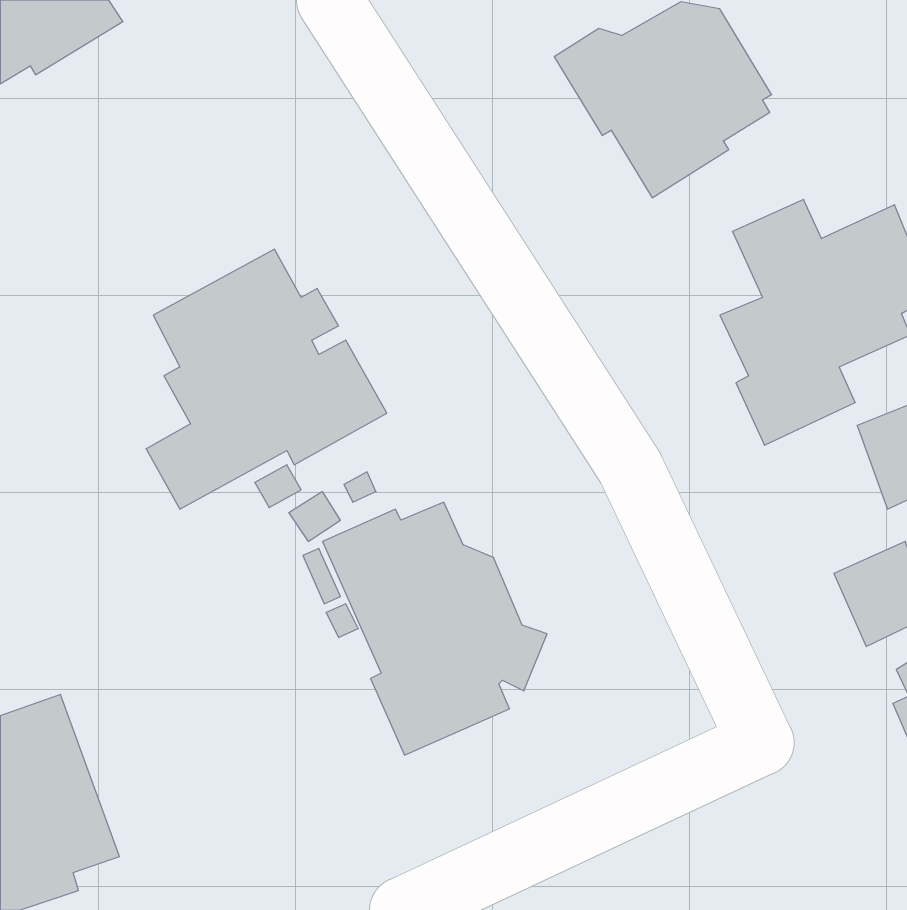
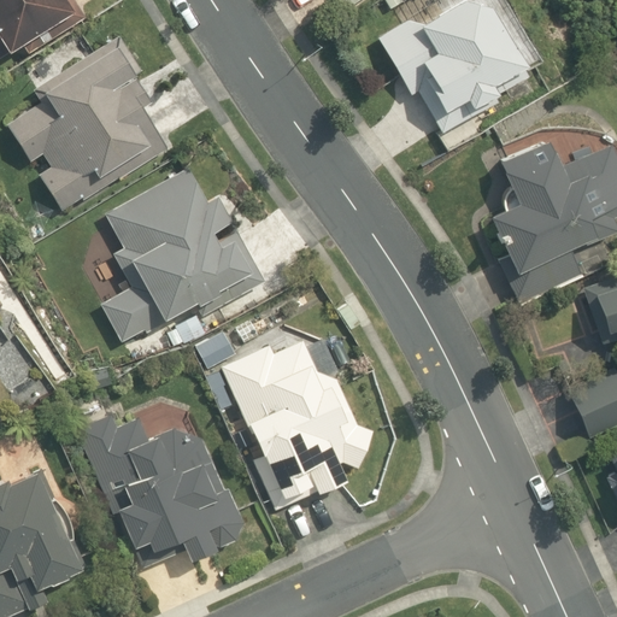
building: none -> [7,37,170,210]
building: none -> [76,410,242,564]

